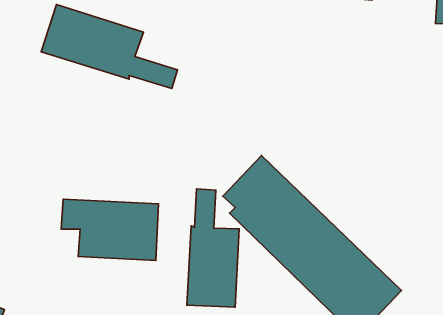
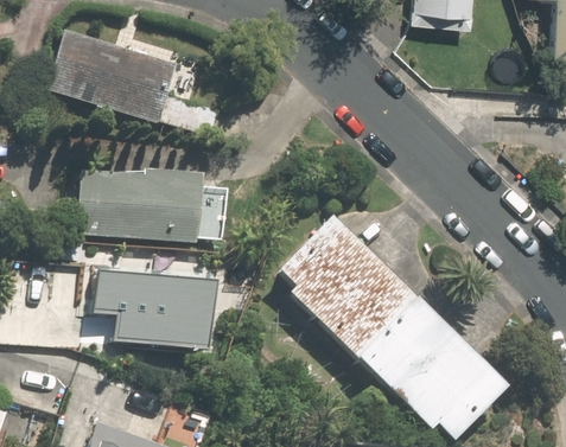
building: none -> [78,172,203,243]
building: [187,189,239,307] -> none

